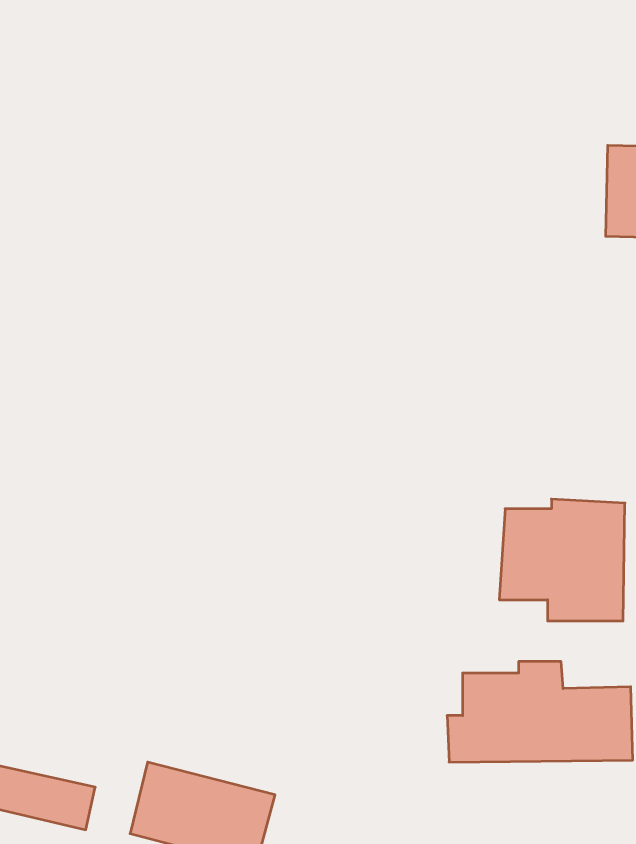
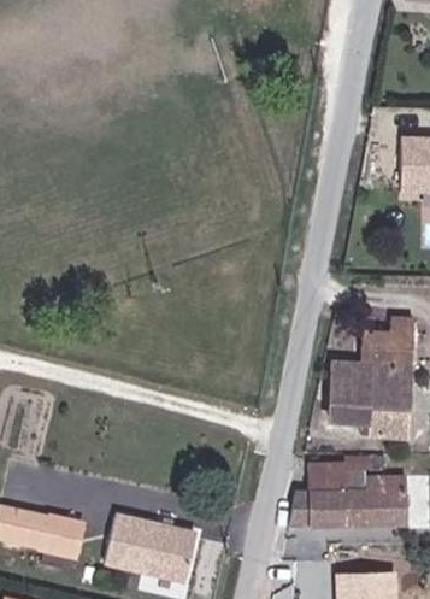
building: none -> [367,311,414,357]

